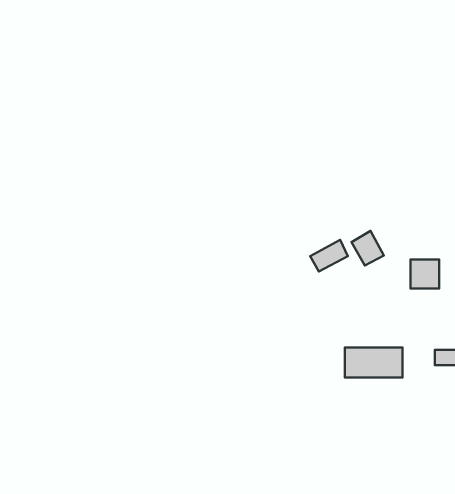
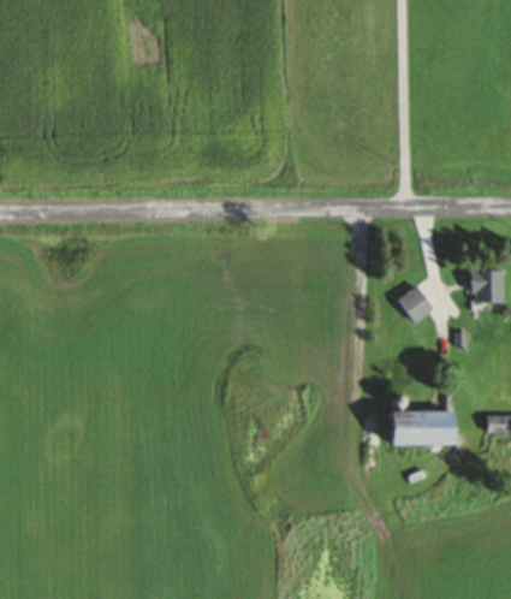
building: [310,240,348,272] -> none
building: [410,260,439,288] -> [471,272,503,303]

